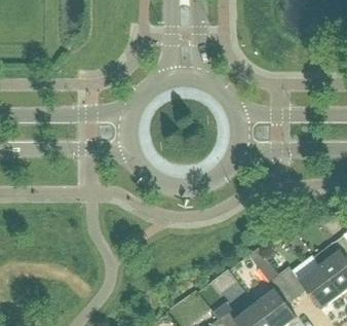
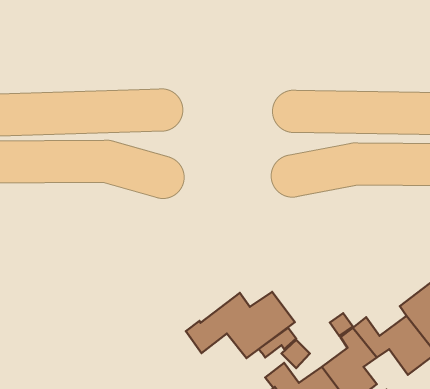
building: none -> [186,292,295,358]

